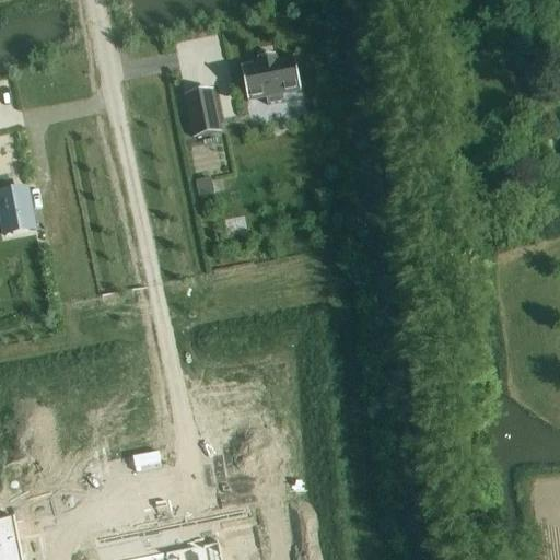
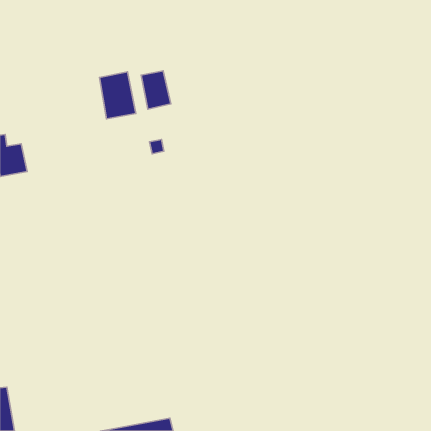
building: [240,54,301,104] -> none
building: none -> [100,72,136,119]

